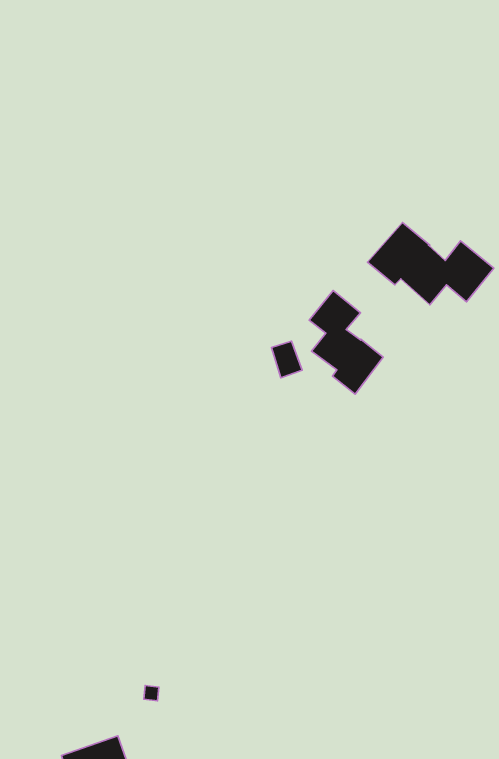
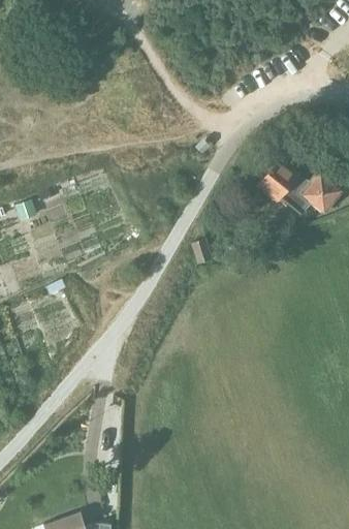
building: [309,291,383,394] -> none

